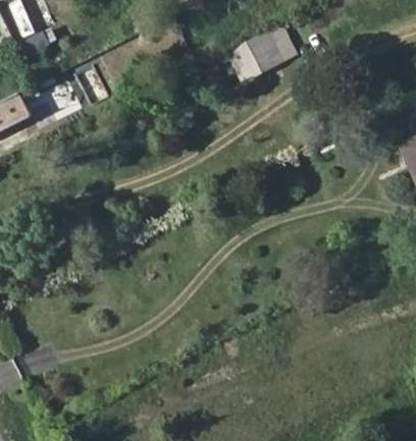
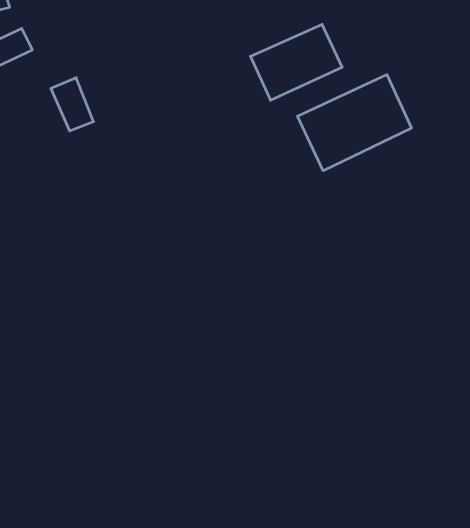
building: none -> [298,75,411,171]

